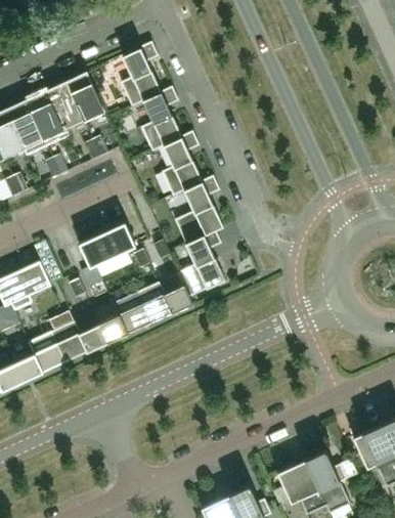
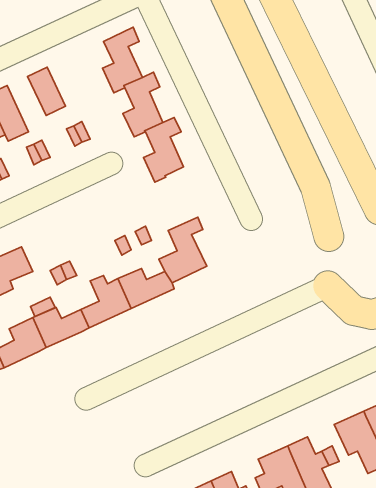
building: [65,72,105,121] -> none
building: [26,91,64,146] -> none
building: [174,176,223,245] -> none
building: [79,222,136,267] -> none

